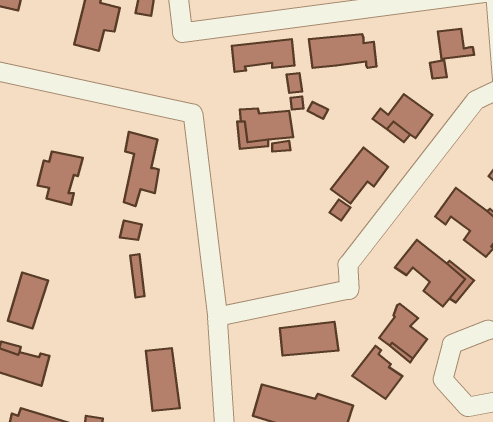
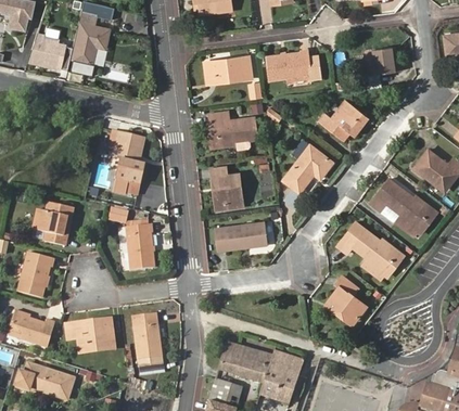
building: none -> [27,34,71,70]
building: [37,151,83,205] -> [36,202,74,246]
building: none -> [212,165,242,204]
building: none -> [133,226,158,271]
building: [280,322,338,356] -> [218,221,267,249]
building: [352,346,402,399] -> none
building: none -> [66,317,112,350]

